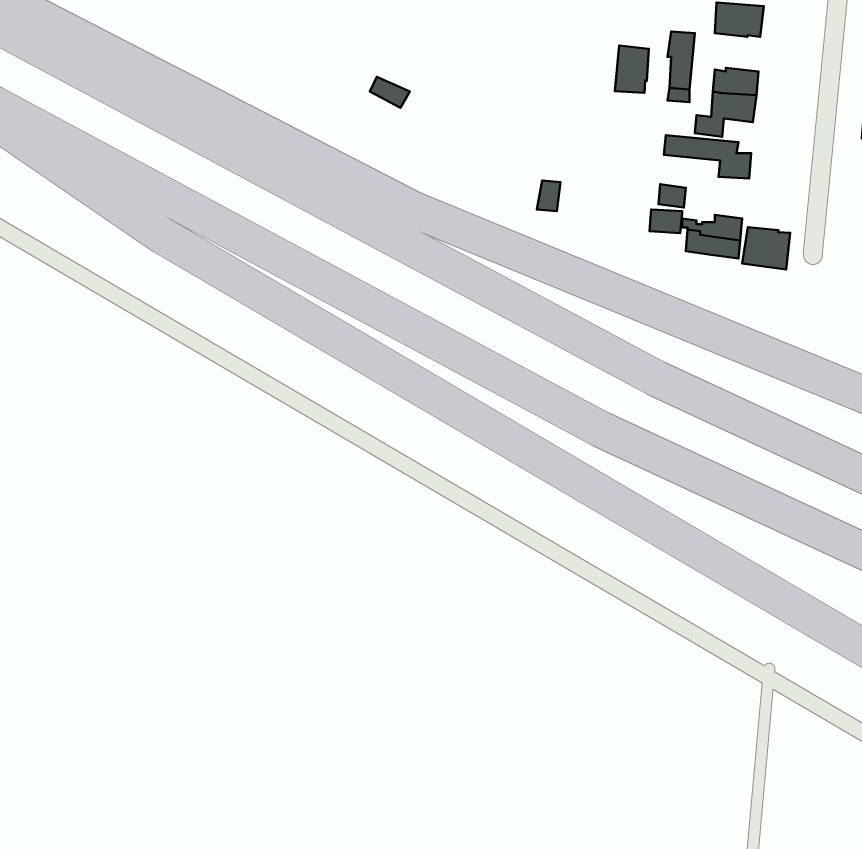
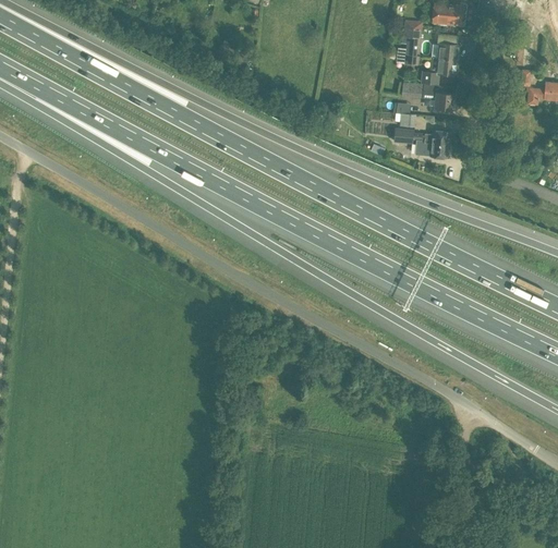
building: [615,46,649,93] -> none
building: [742,227,790,270] -> none

